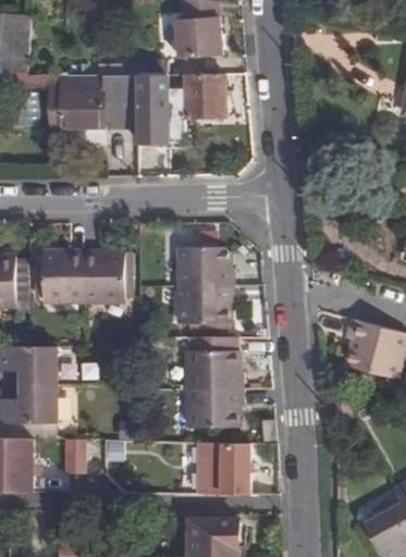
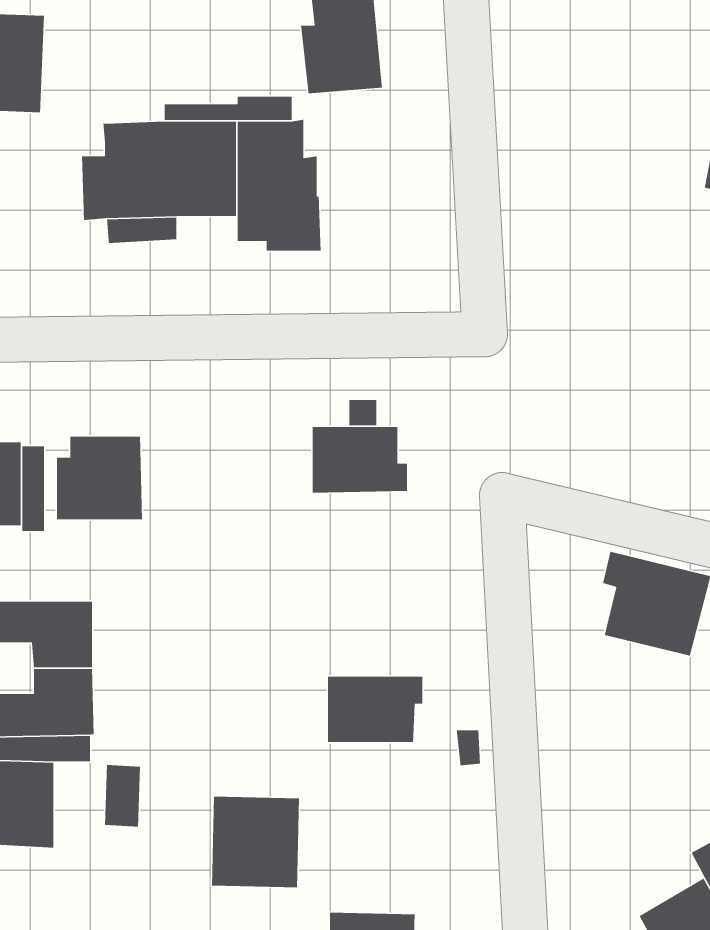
building: [183,73,223,116] -> none
building: [83,252,124,300] -> none
building: [180,284,234,323] -> none
building: [188,336,243,388] -> none
building: [199,441,249,493] -> [211,796,300,888]

